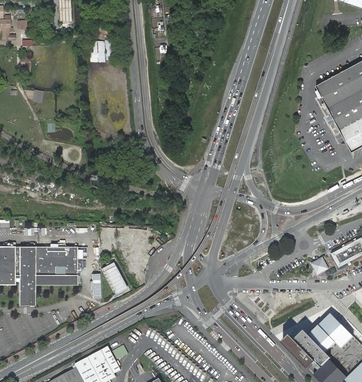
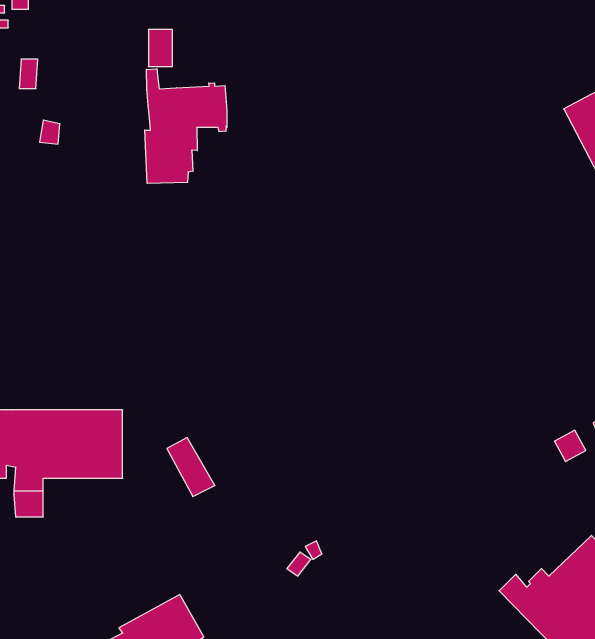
building: none -> [145,69,227,183]

